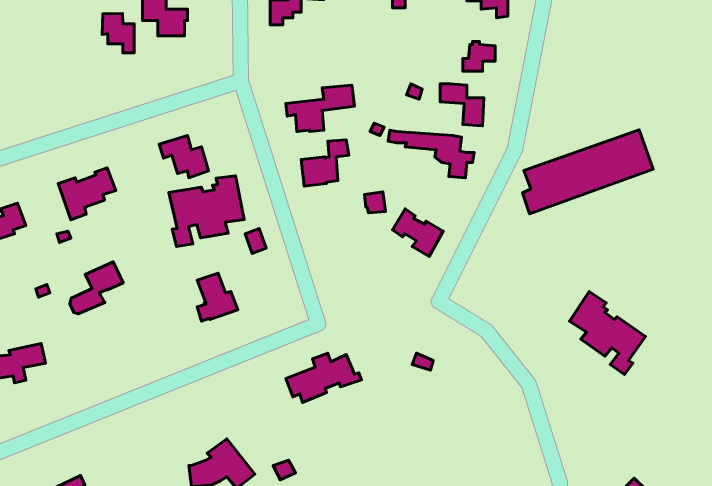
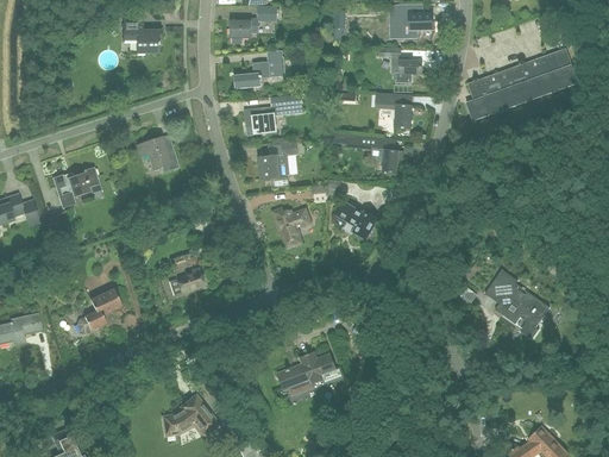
building: [102,14,134,53] -> none
building: none -> [234,50,284,88]
building: [522,130,653,214] -> [466,49,577,120]
building: [169,176,244,246] -> none
building: none -> [271,208,309,248]
building: [70,262,123,314] -> [76,288,121,332]
building: [286,353,362,402] -> [277,352,341,394]

